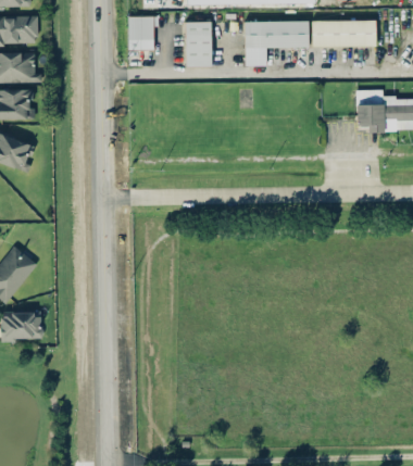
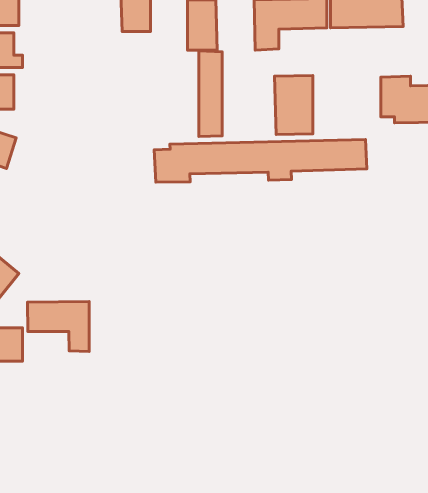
building: none -> [199,51,222,137]
building: none -> [275,75,313,135]
building: none -> [154,140,367,182]
building: none -> [27,302,89,351]

